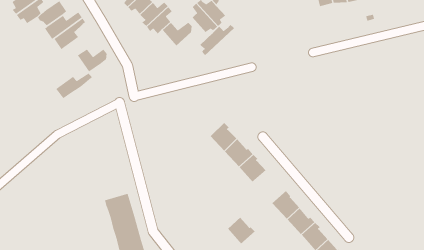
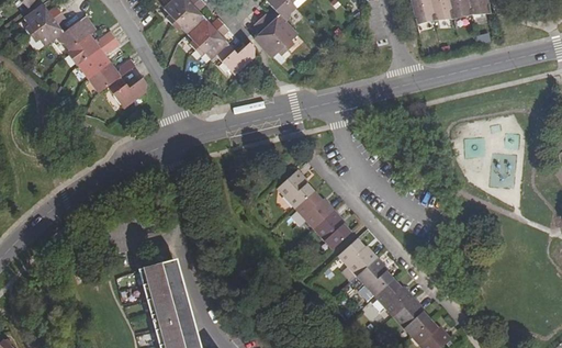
building: [199,24,235,56] -> none
building: [55,72,93,99] -> [88,57,136,91]
building: [227,217,256,244] -> [339,238,375,273]

